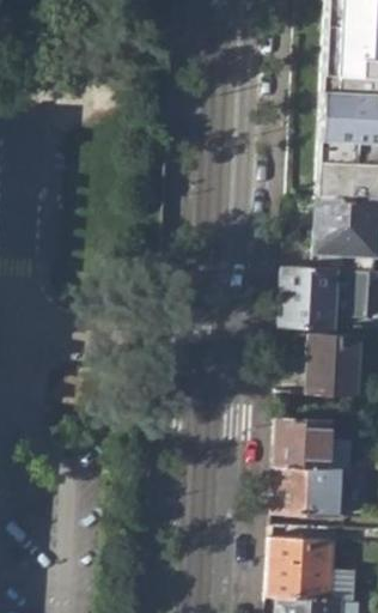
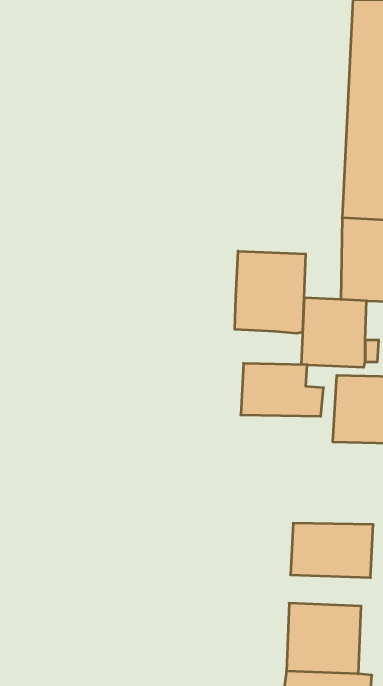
building: none -> [235,251,306,333]
building: [273,423,346,469] -> [241,363,324,416]

